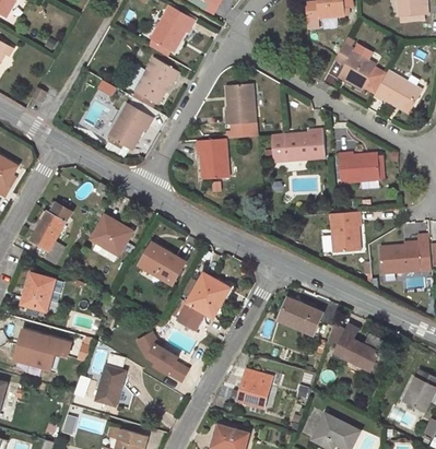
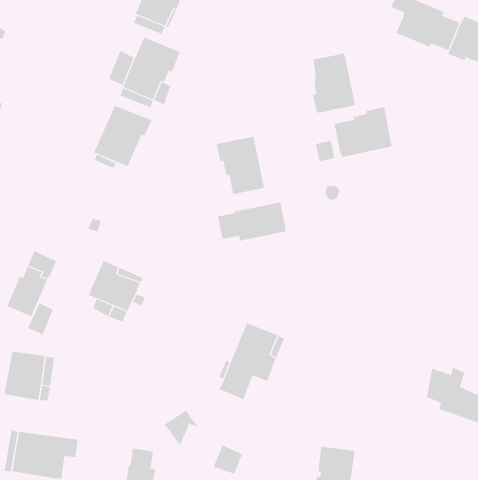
building: [225,83,256,125] -> [313,52,356,113]
building: [338,152,379,182] -> none
building: none -> [217,201,286,241]
building: [331,211,361,252] -> none
building: [139,243,185,284] -> none
building: [279,298,322,334] -> none
building: [144,342,177,375] -> none

